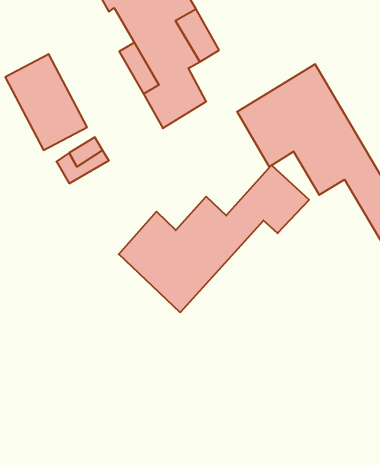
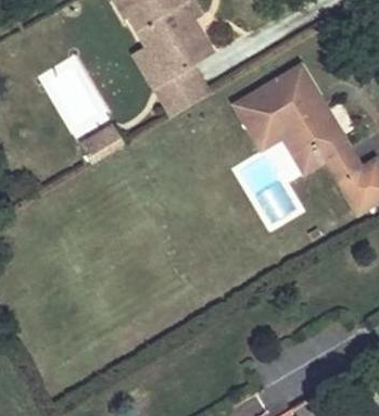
building: [119,165,309,312] -> none

